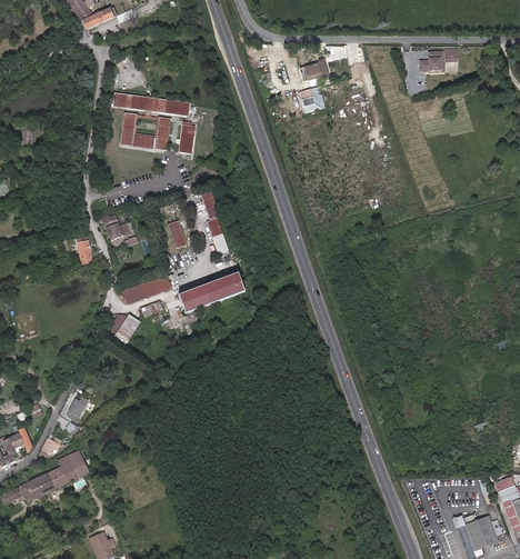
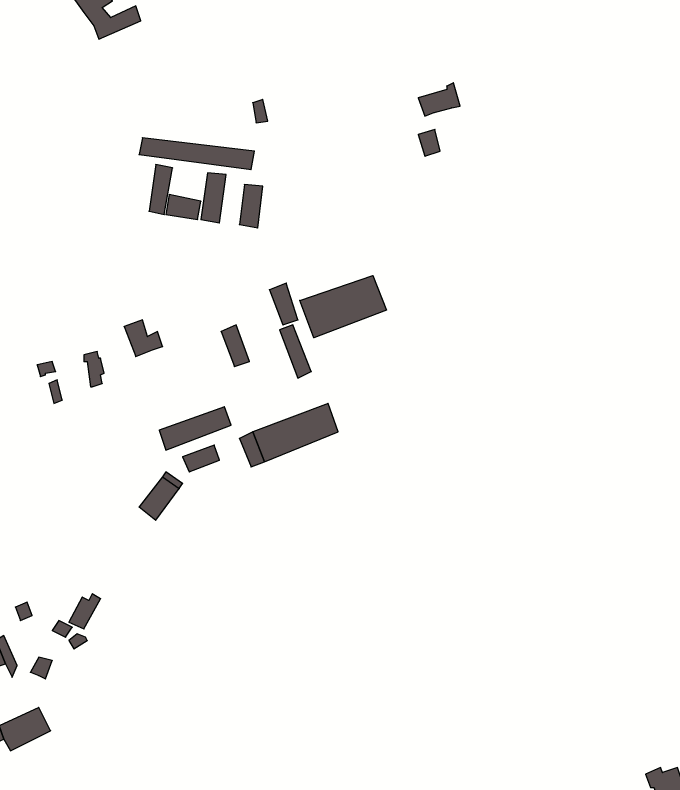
building: [417,52,459,73] -> none
building: none -> [300,276,387,338]
building: [47,450,89,489] -> none

